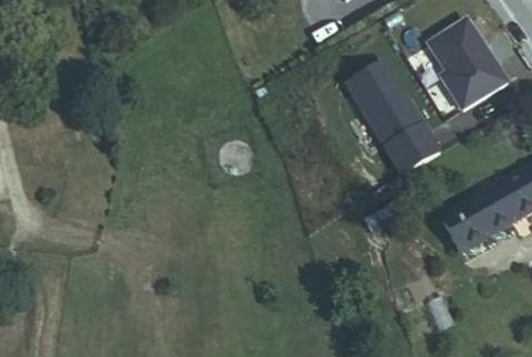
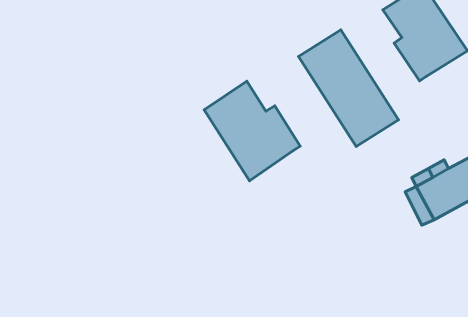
building: none -> [204,81,300,181]

